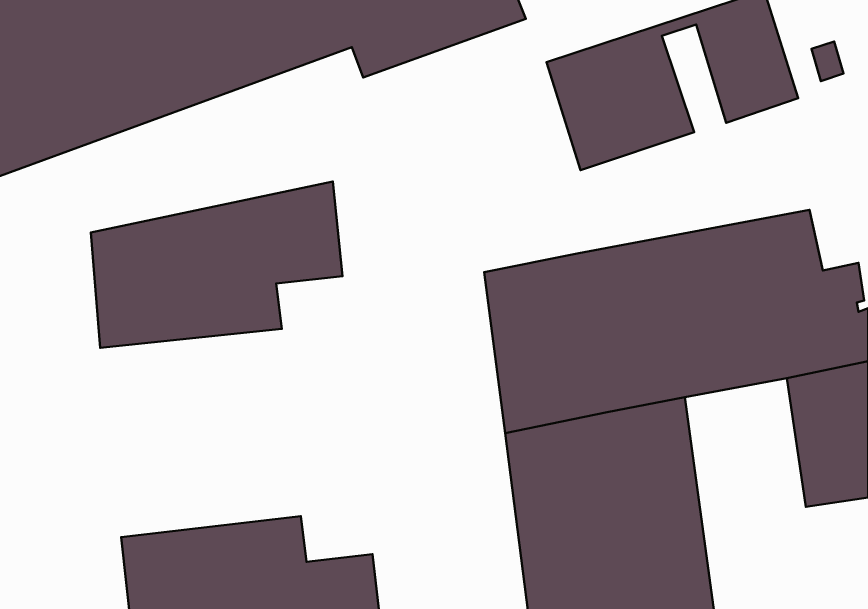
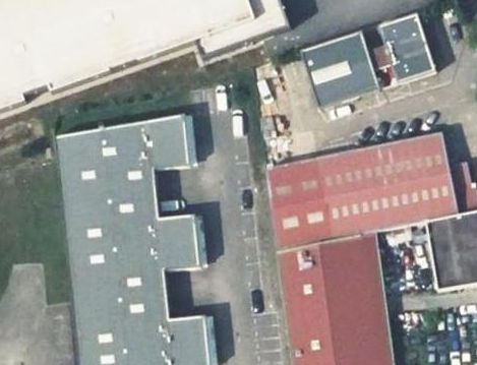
building: none -> [61,194,202,306]

